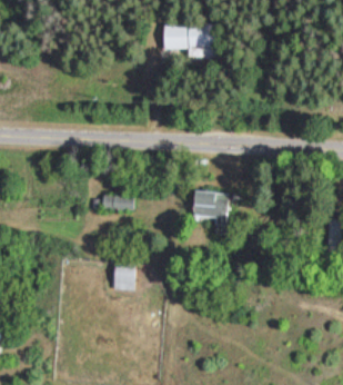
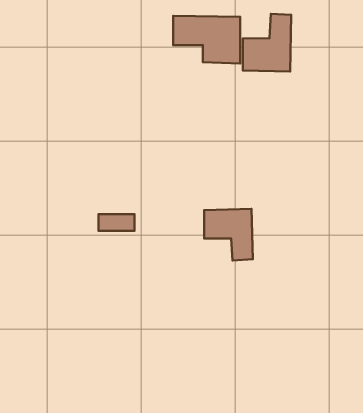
building: none -> [243,14,291,71]
building: [112,263,135,290] -> none

